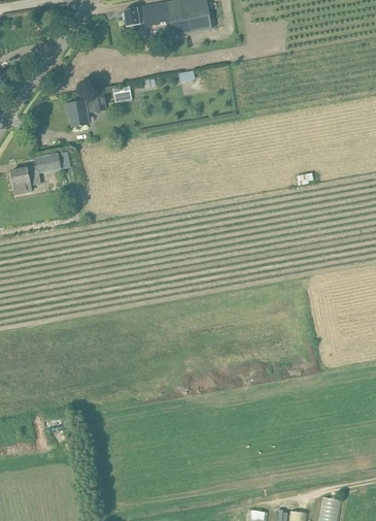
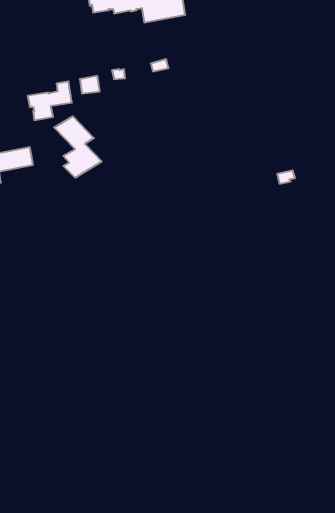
building: none -> [54,116,102,178]

